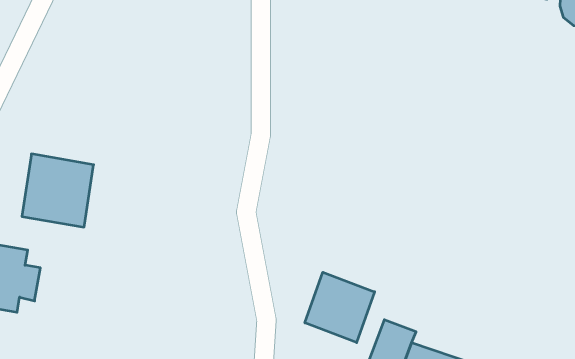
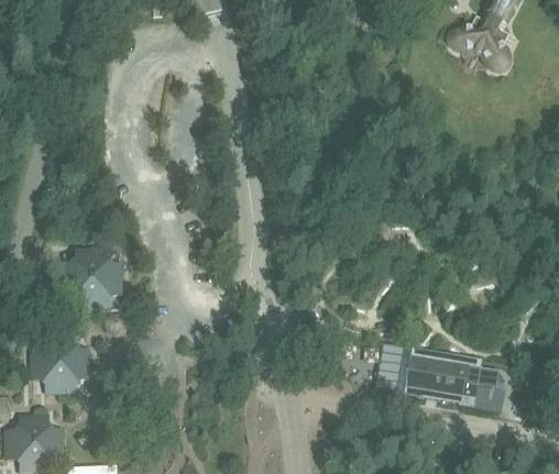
building: [305,272,375,343] -> none

